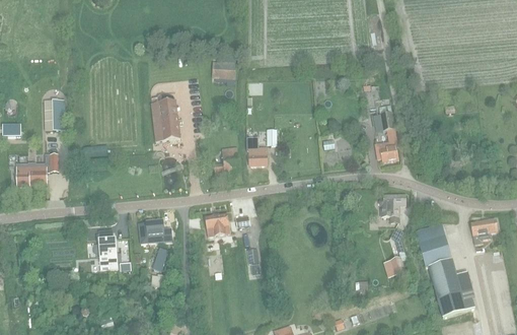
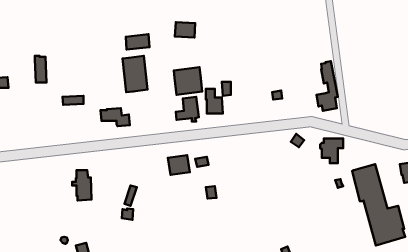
building: none -> [126,34,150,50]
building: none -> [174,67,202,95]
building: [16,154,59,186] -> none
building: [139,220,172,241] -> [101,108,130,126]

